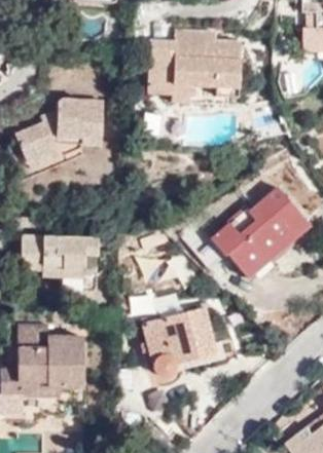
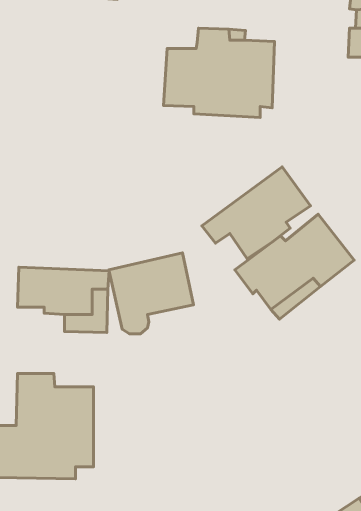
building: [10,95,106,175] -> none
building: none -> [202,167,310,259]
building: [144,309,216,378] -> [109,253,193,334]

